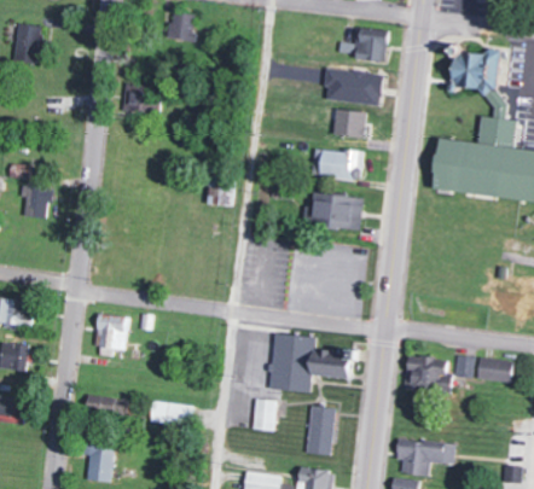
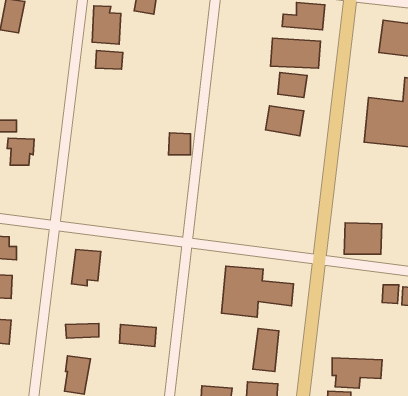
building: none -> [92,6,121,44]
building: [313,192,364,231] -> none
building: [405,356,448,392] -> [344,223,382,254]
building: [251,398,277,431] -> none

